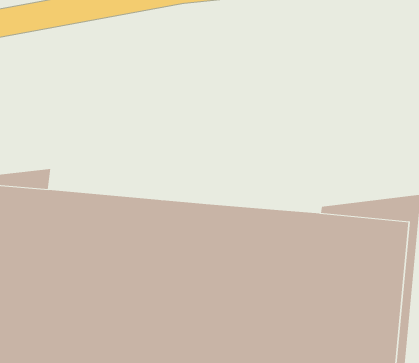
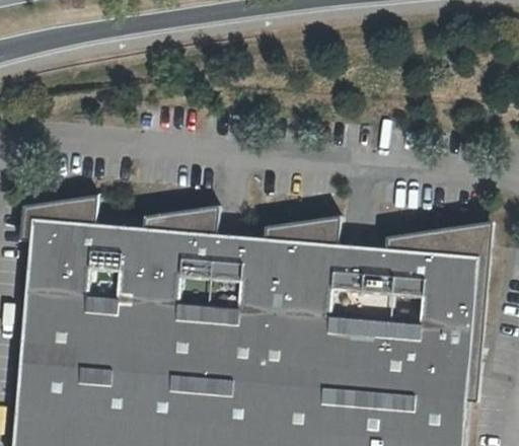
building: none -> [141,212,216,235]
building: none -> [262,223,337,245]

